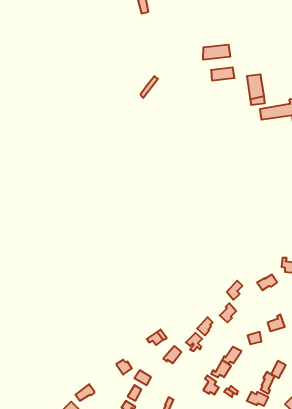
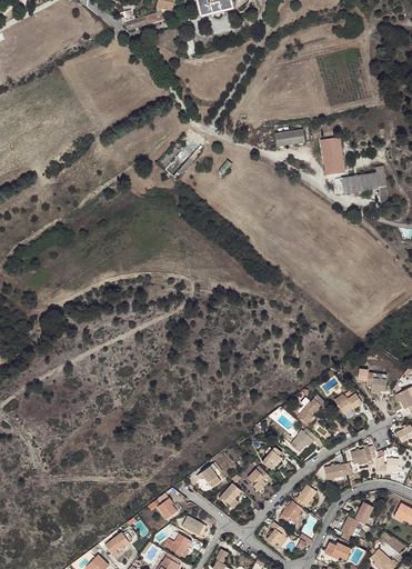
building: [203,45,230,60] -> none

